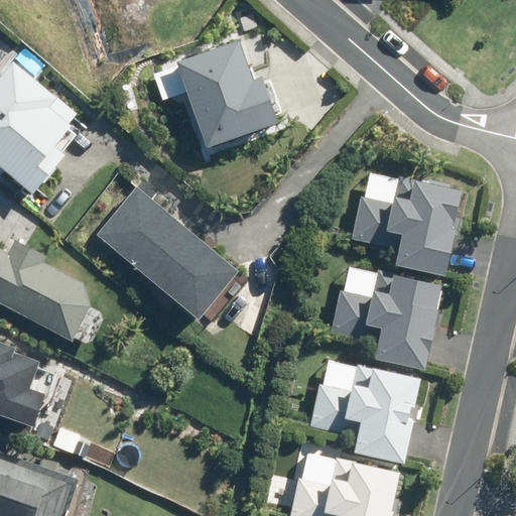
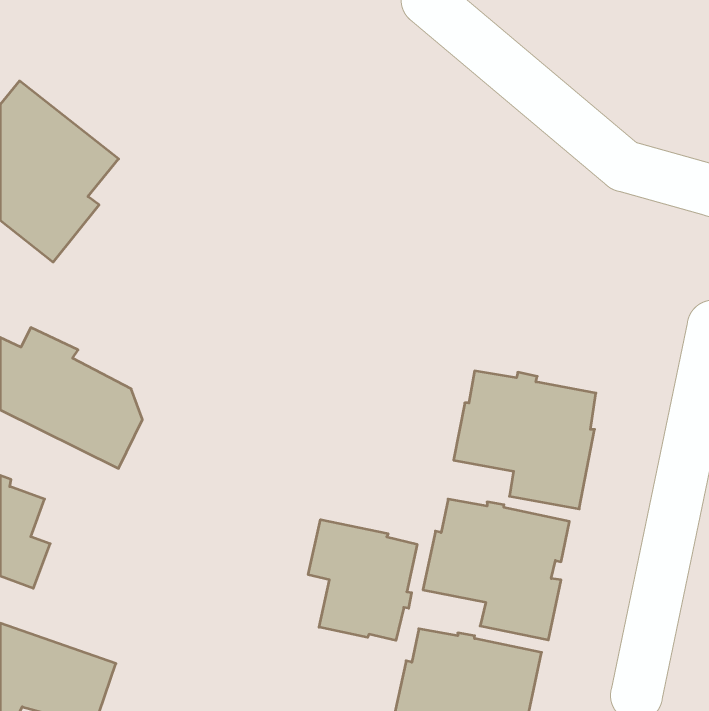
building: [156,34,284,144] -> none
building: [351,173,454,275] -> none
building: [94,188,238,326] -> none
building: none -> [308,520,417,640]

